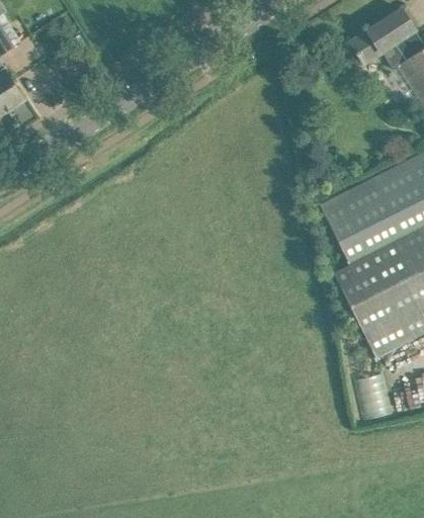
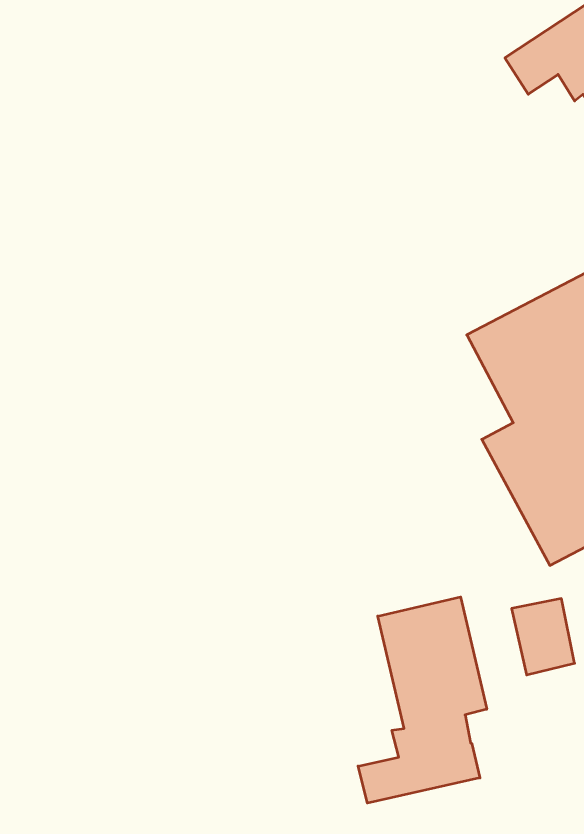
building: none -> [358,597,487,803]

